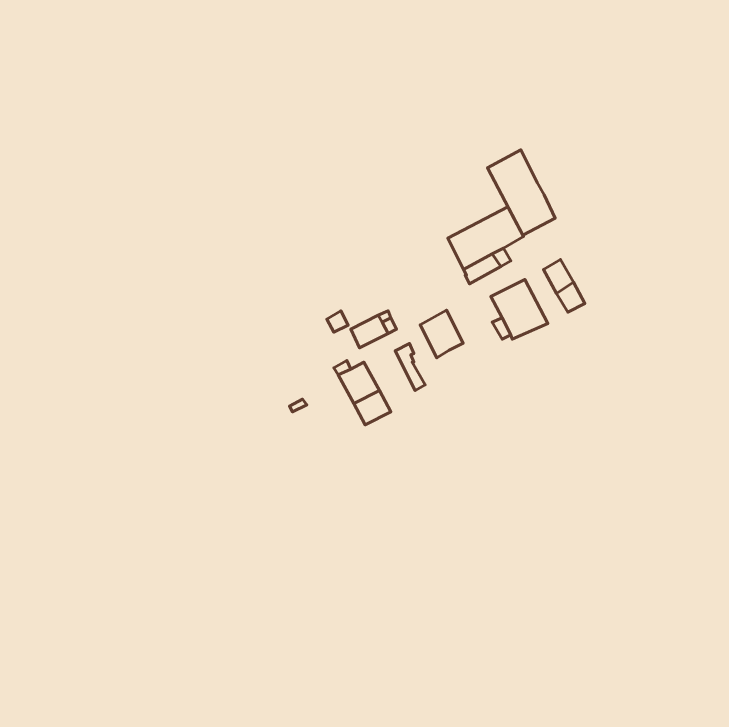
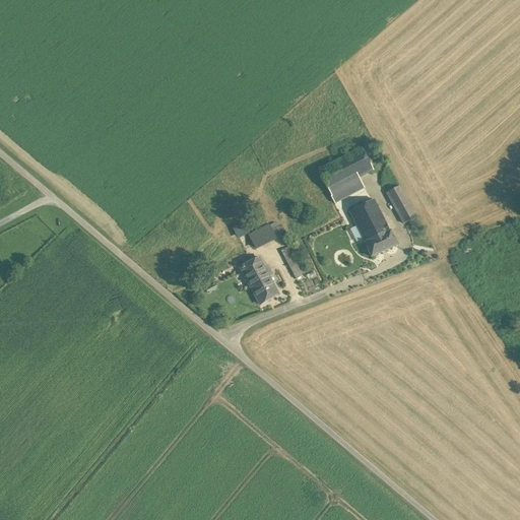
building: [488,150,555,235] -> none
building: [420,310,463,358] -> none
building: none -> [365,231,397,256]

